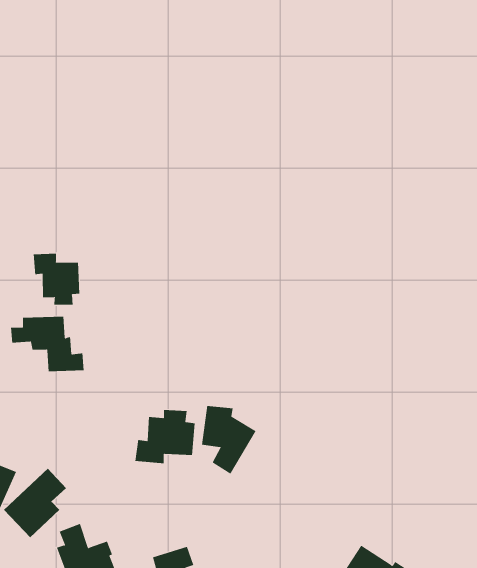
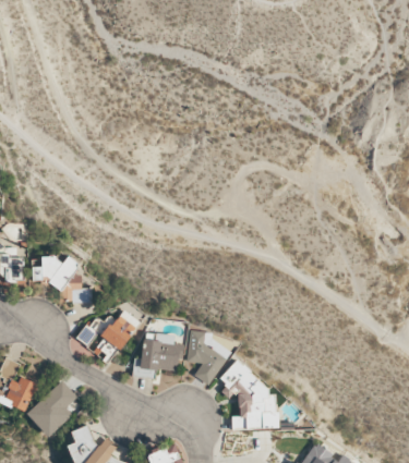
building: [33,253,80,306] -> none
building: none -> [77,309,140,350]
building: none -> [220,360,279,429]

